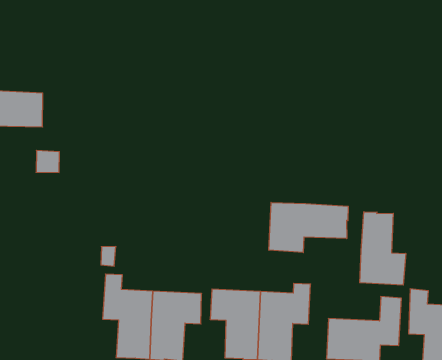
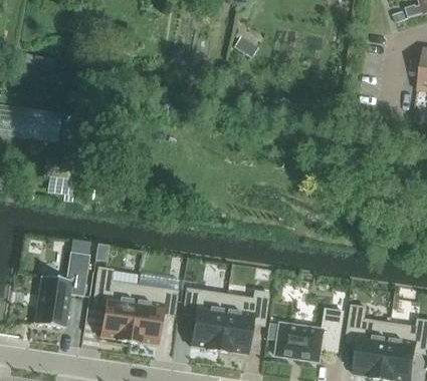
building: [269,202,348,253] -> none
building: [360,212,406,285] -> none
building: none -> [33,251,88,328]

